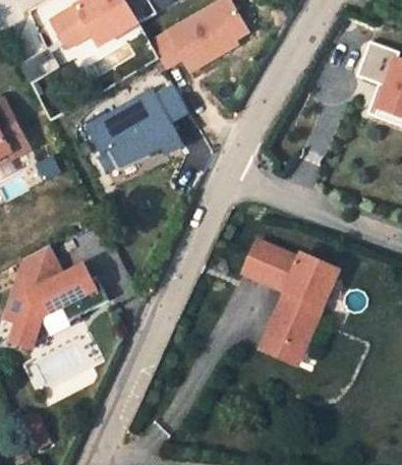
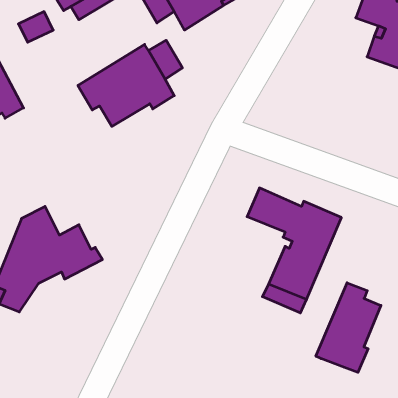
building: none -> [316,283,381,372]

